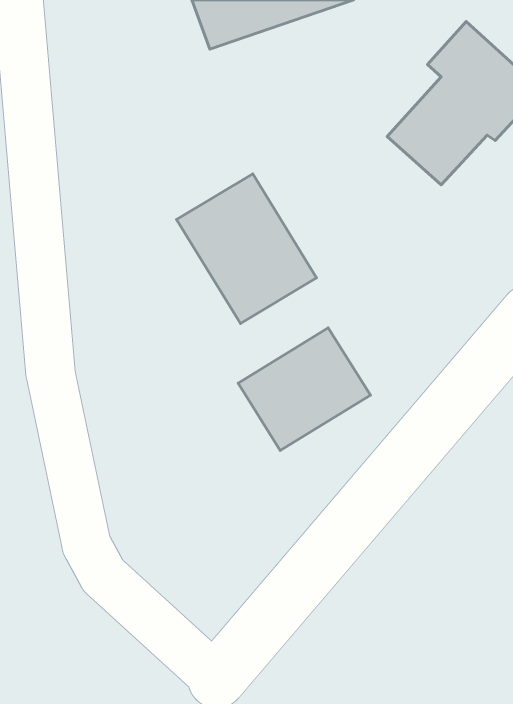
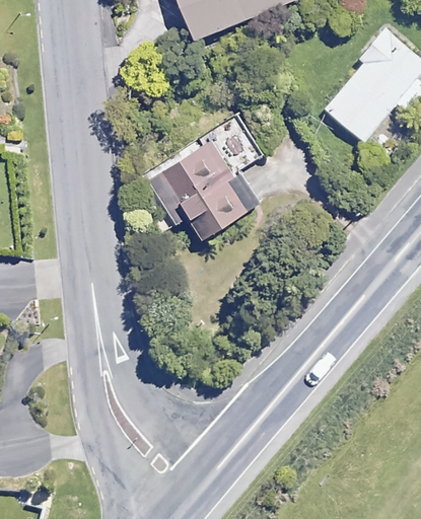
building: [238,328,370,450] -> none

